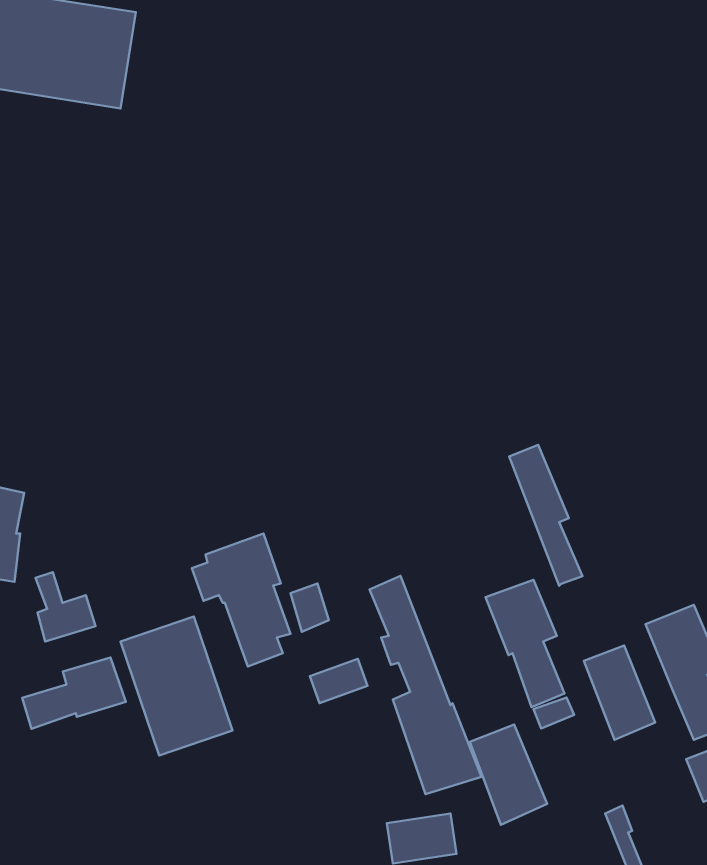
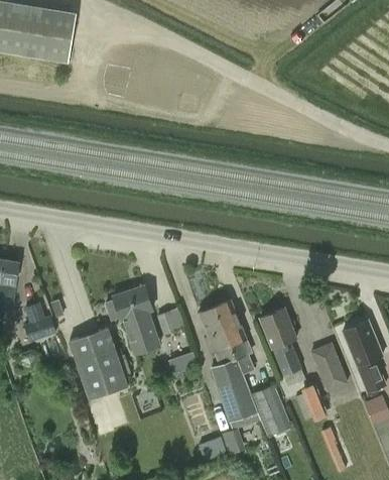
building: [509,445,582,586] -> [215,301,253,374]
building: [22,658,126,729] -> none
building: none -> [296,385,327,422]

